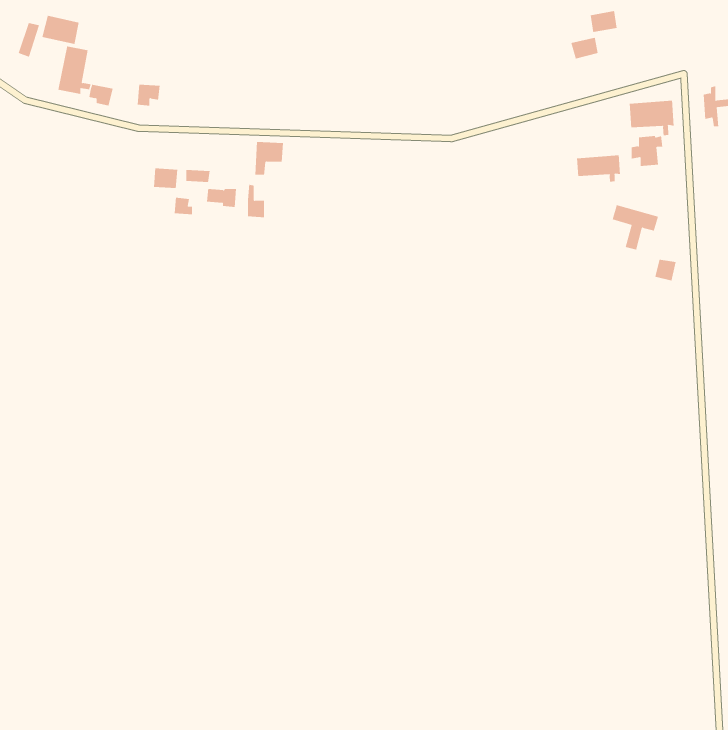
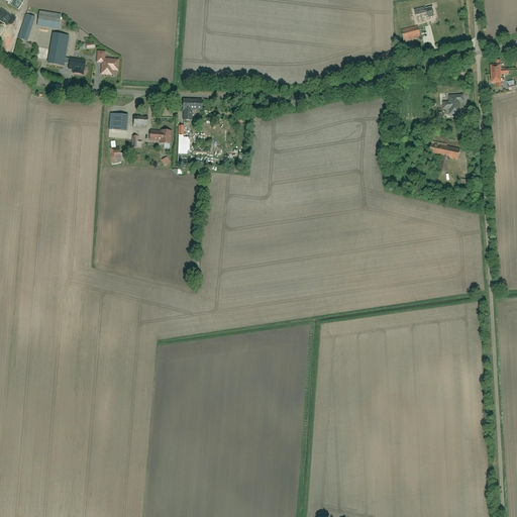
building: [629,100,674,136] -> none
building: [576,155,621,182] -> none

